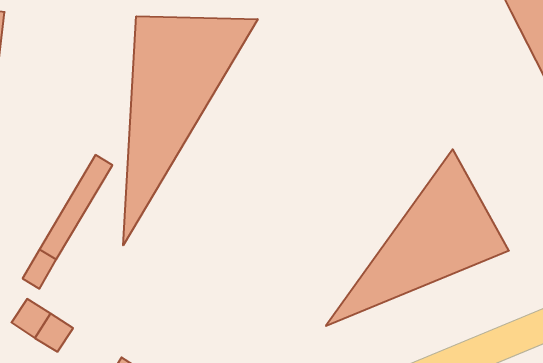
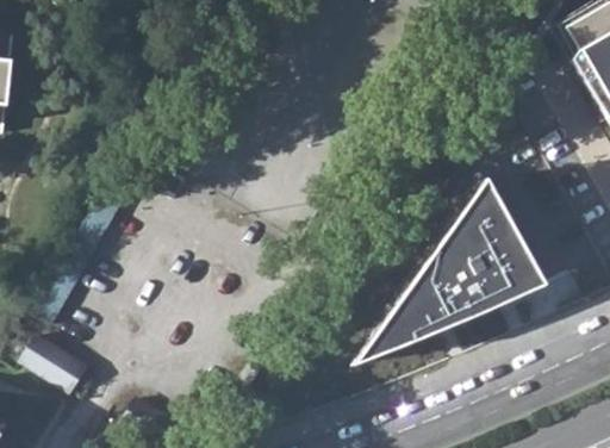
building: [123,16,258,245] -> none

